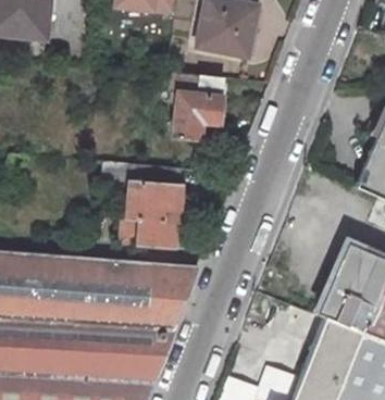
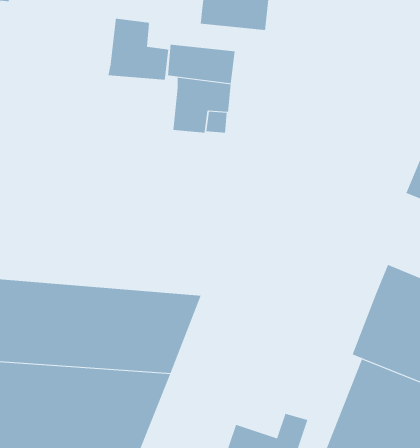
building: none -> [108,18,169,81]
building: [119,168,179,249] -> none

